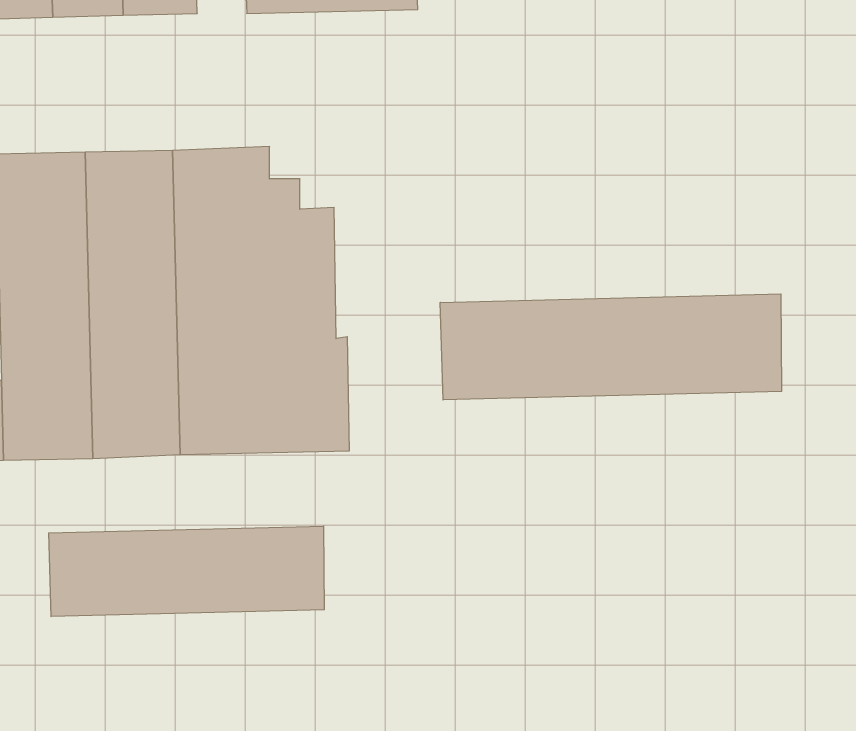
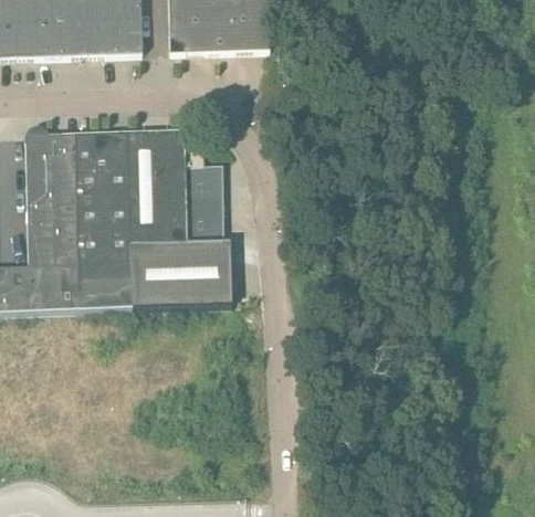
building: [440,294,782,400] -> none
building: [49,526,324,617] -> none

